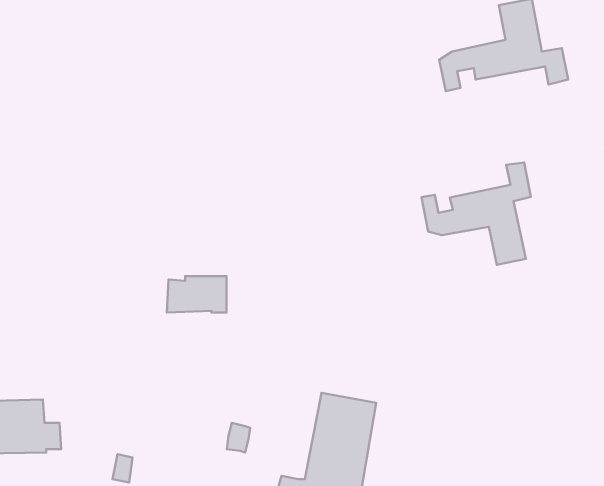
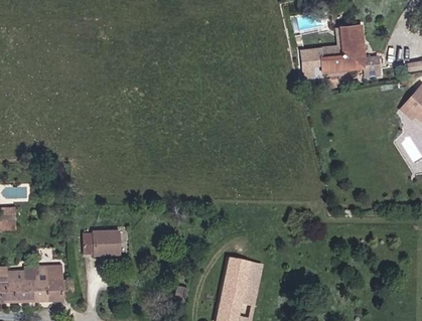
building: [422,162,531,265] -> none
building: [167,276,227,312] -> [85,229,121,252]

